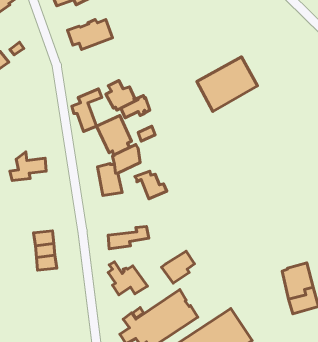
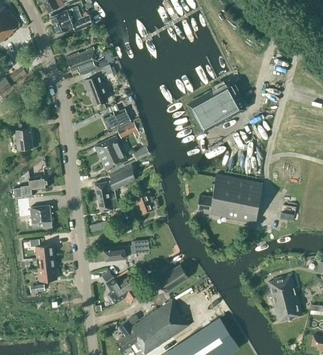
building: [72,89,102,132] -> [84,64,112,104]
building: none -> [8,124,32,149]
building: none -> [197,174,263,223]
building: none -> [19,198,52,228]

